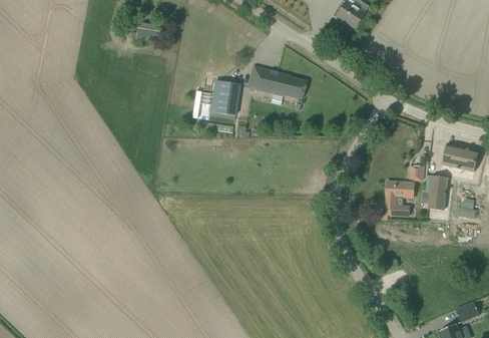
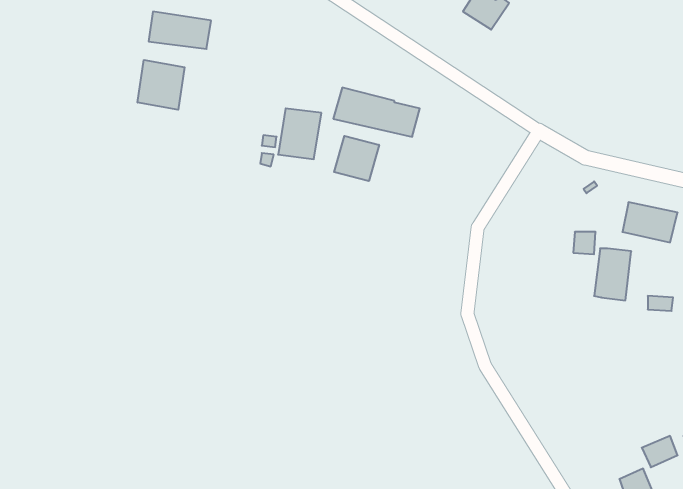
building: none -> [138,60,185,110]
building: none -> [334,136,379,181]
building: [374,182,415,220] -> none

